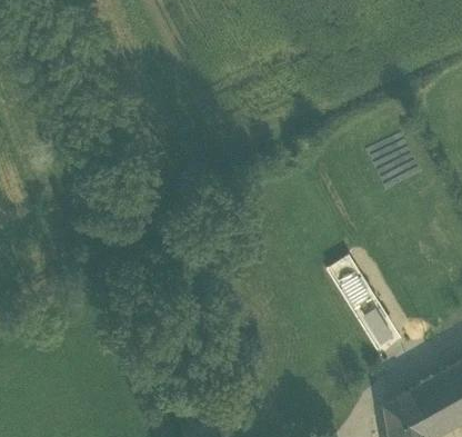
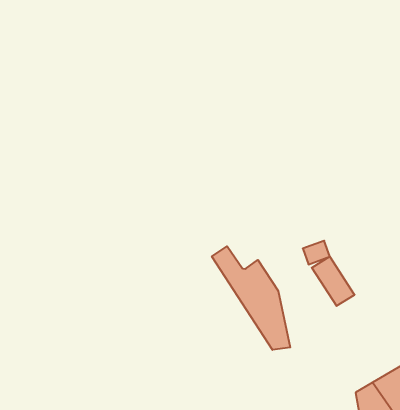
building: none -> [212,246,290,350]

